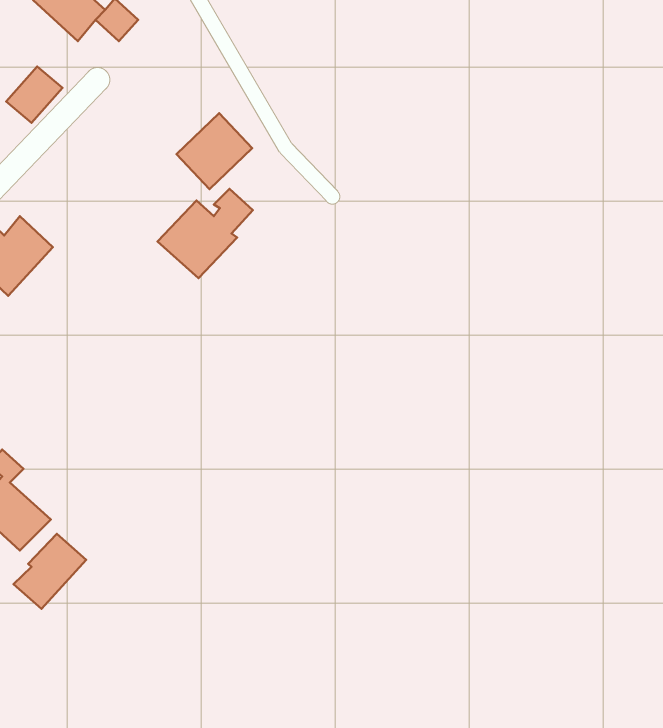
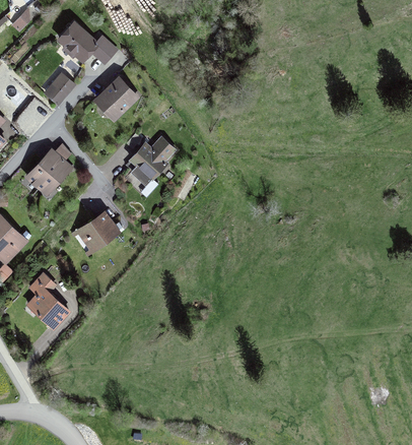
building: [177,113,252,189] -> [96,77,136,117]
building: none -> [78,212,117,249]
building: [14,534,86,609] -> none

